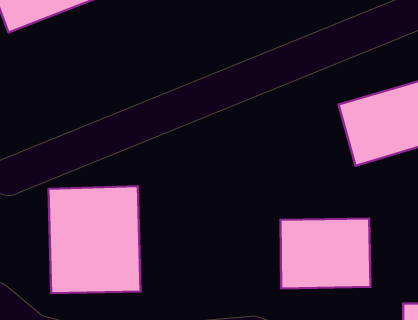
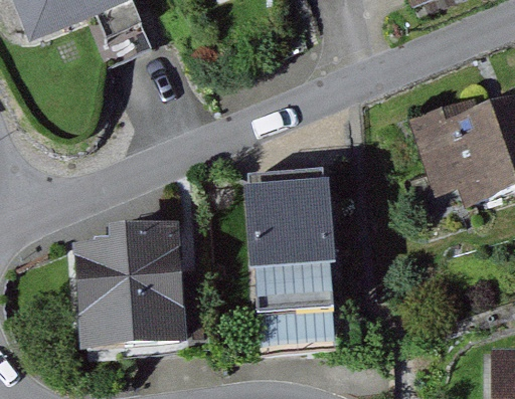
building: none -> [253,180,334,310]
building: [280,219,371,288] -> none

